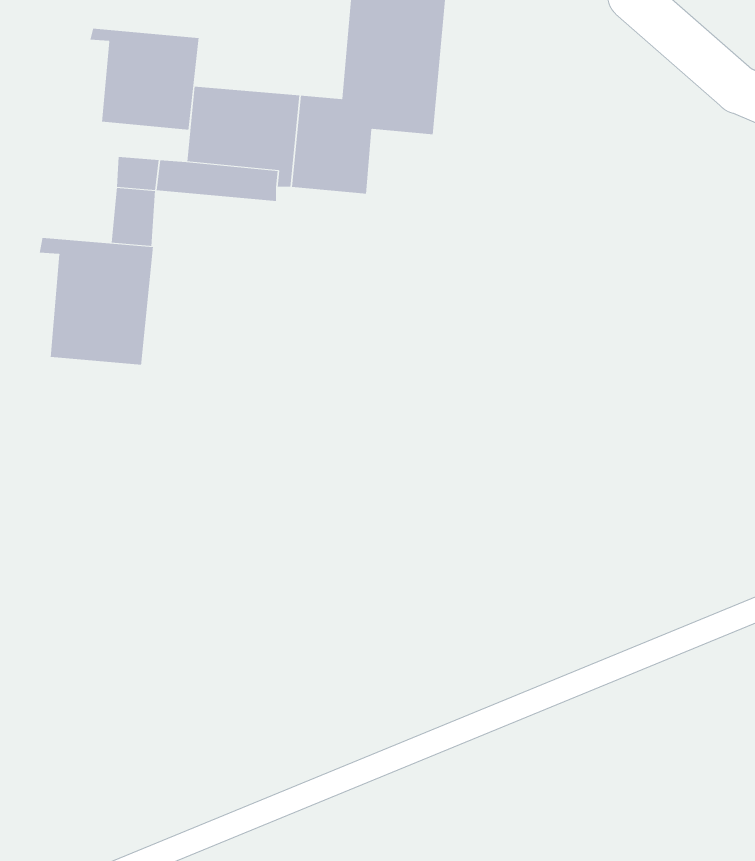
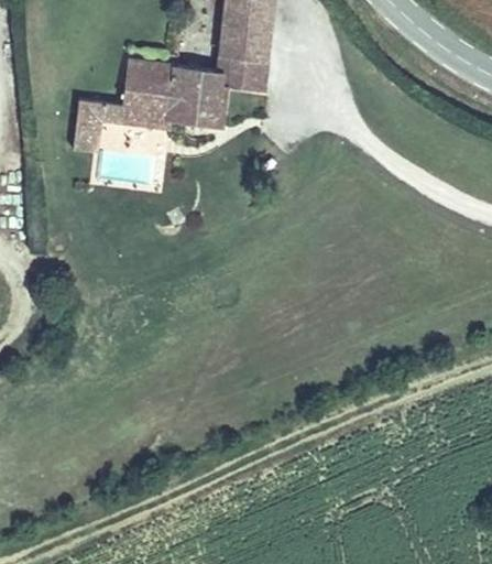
building: [90,28,199,130] -> none
building: [39,237,153,366] -> none

